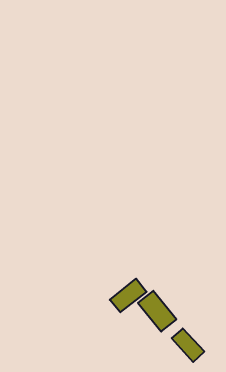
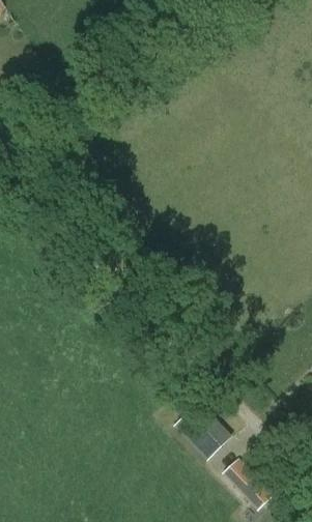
building: [110,279,147,312] -> none

